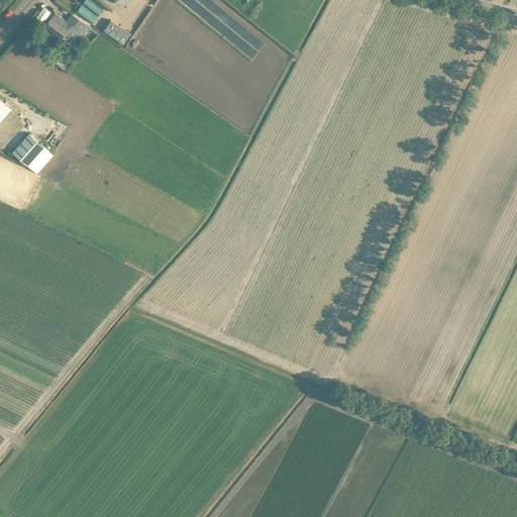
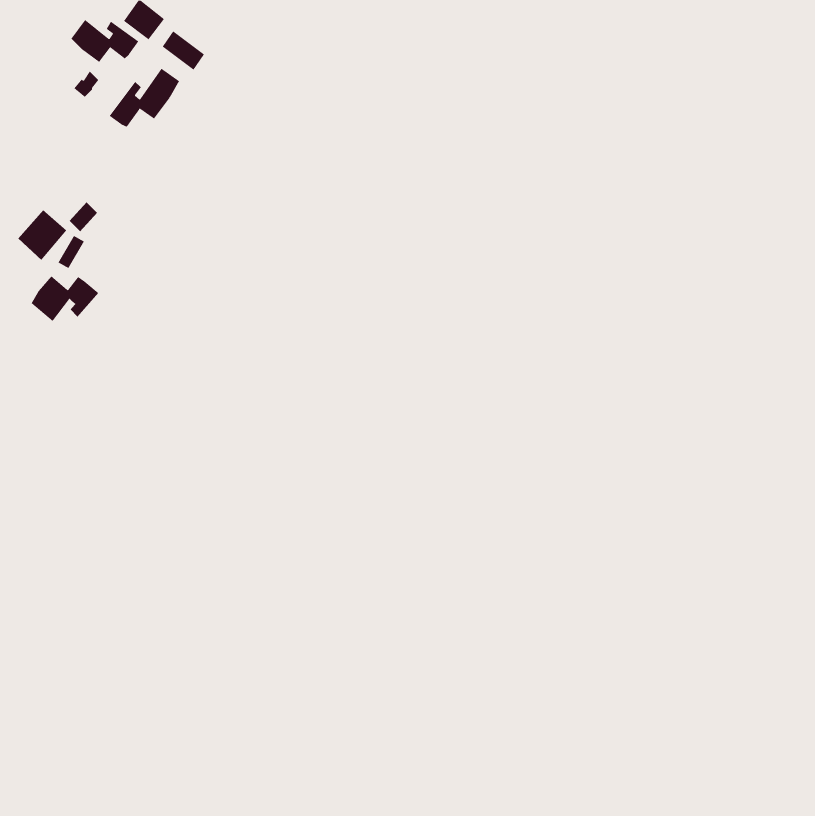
building: none -> [109,68,180,128]
building: none -> [31,276,99,322]

